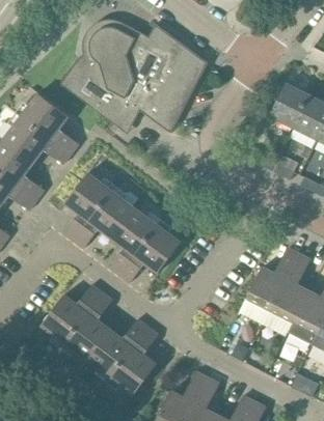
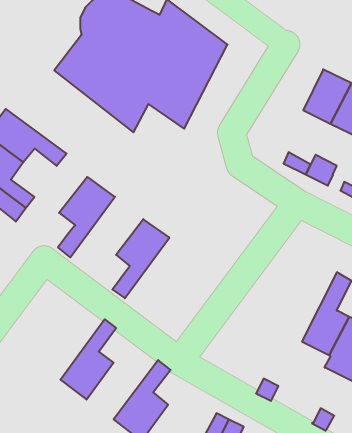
building: [20,93,78,153] -> none
building: [74,190,135,248] -> none
building: [119,224,181,282] -> none
building: [245,248,297,311] -> none
building: [40,284,103,343] -> none
building: [87,319,147,376] -> none

